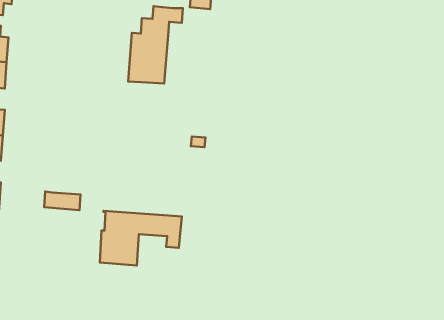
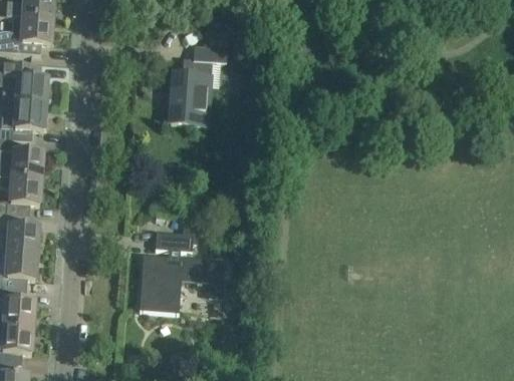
building: [44,192,81,210] -> [156,230,193,249]

